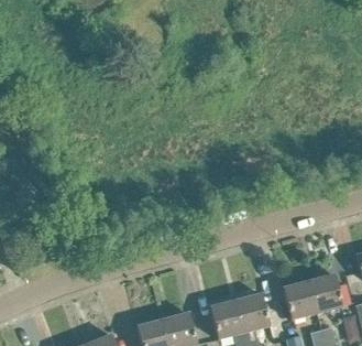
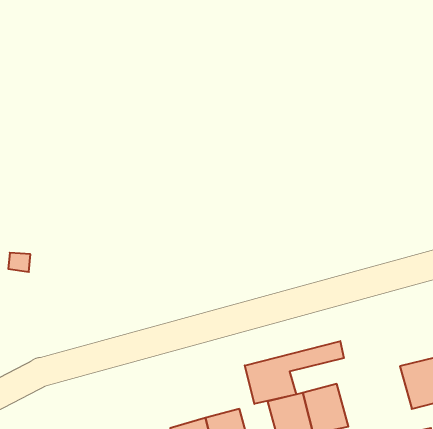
building: none -> [245,341,344,404]
building: [283,280,317,318] -> none

